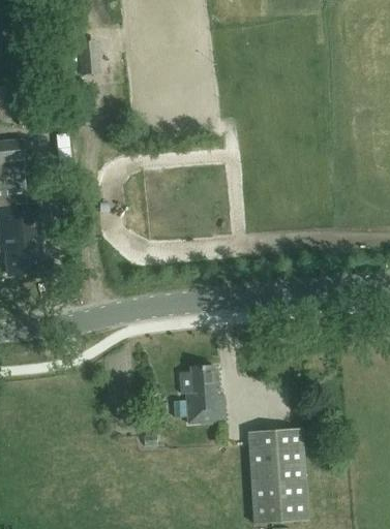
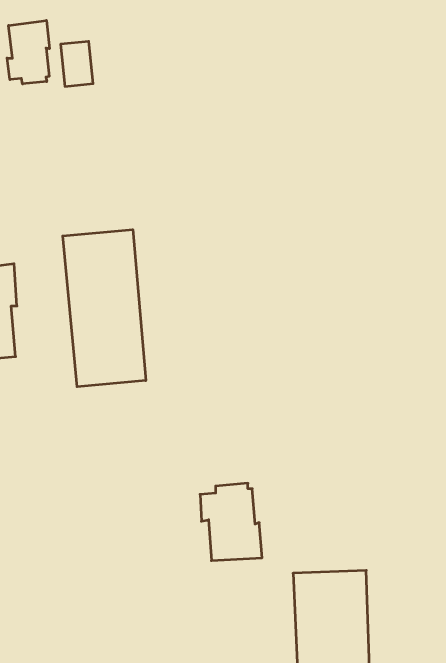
building: none -> [7,20,49,84]
building: none -> [63,230,146,387]

